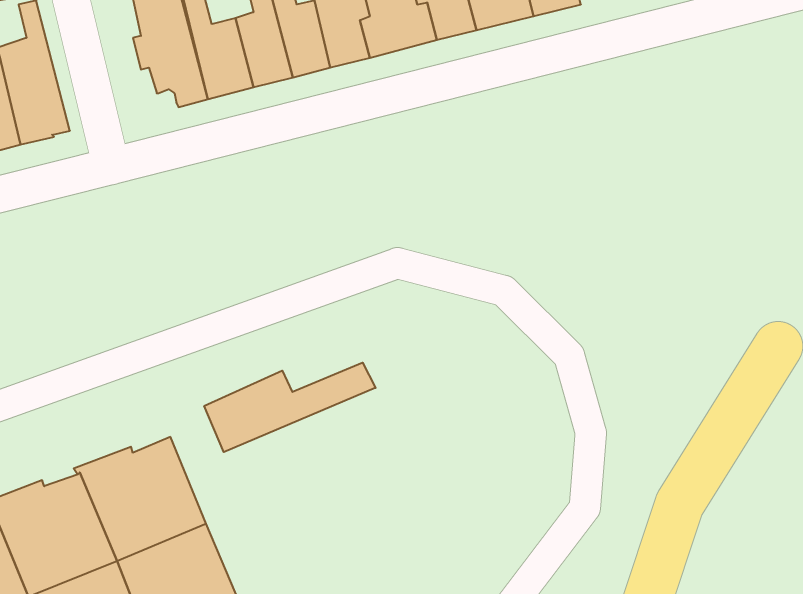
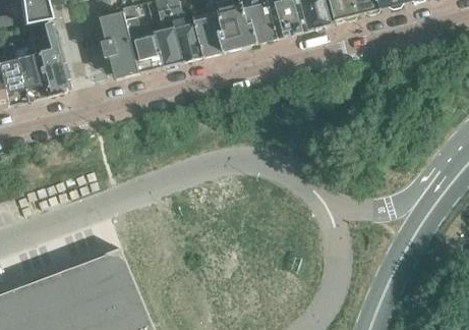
building: [204,363,376,452] -> none

